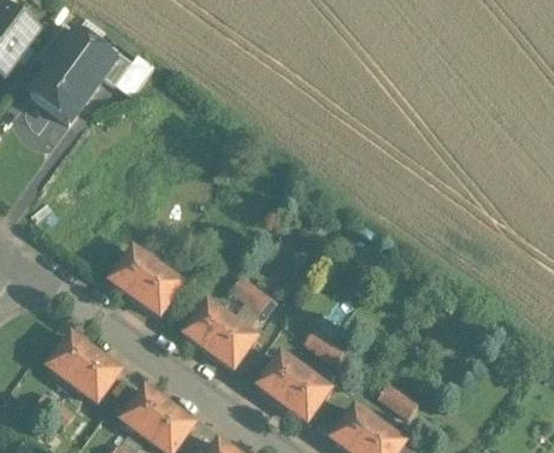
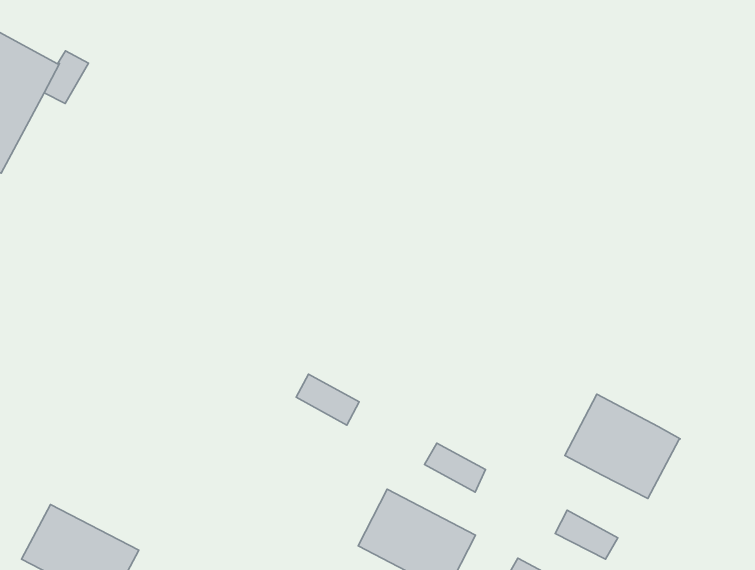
building: [110,246,183,314] -> none
building: [183,299,257,367] -> none
building: none -> [565,394,680,499]

